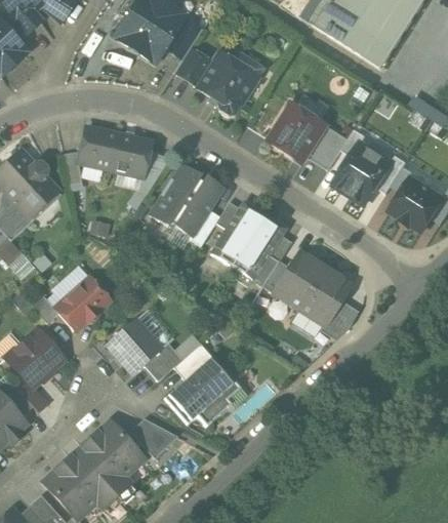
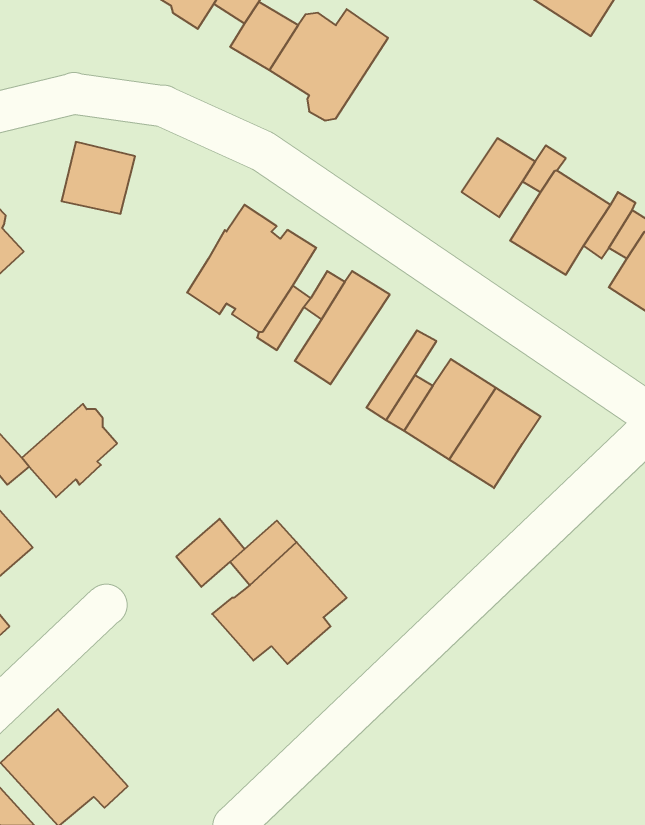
building: [268,102,327,163] -> none
building: [112,135,151,175] -> none
building: [232,214,286,279] -> none
building: [321,299,359,339] -> none
building: [109,320,160,372] -> none
building: [130,418,177,459] -> none
building: [76,420,145,495] -> none

